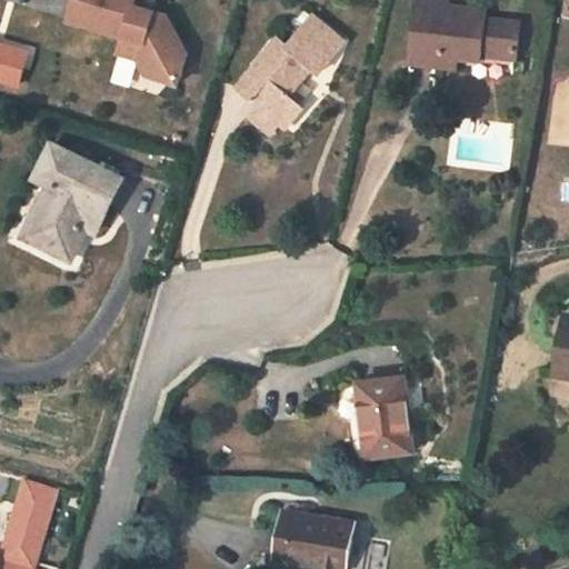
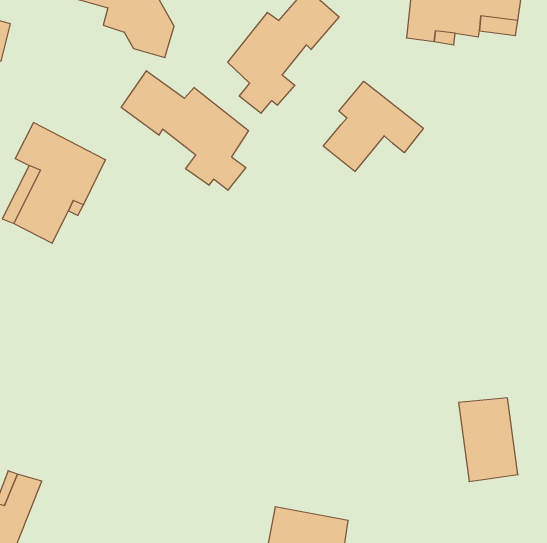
building: none -> [121,71,248,190]
building: none -> [323,81,423,171]
building: [355,379,411,459] -> [459,398,518,482]

